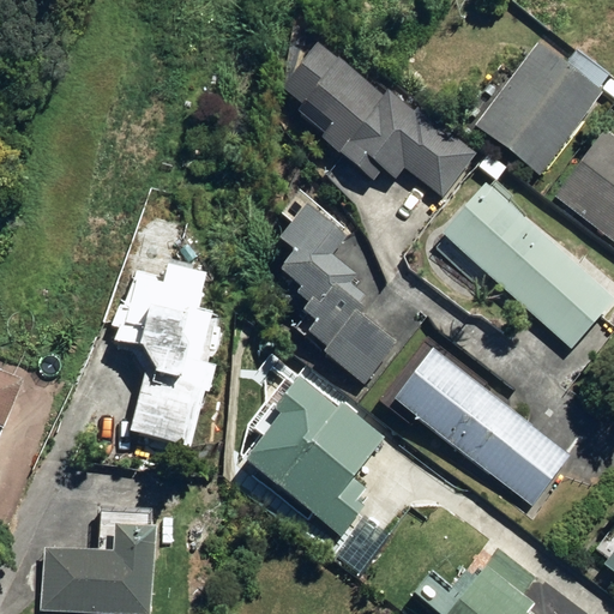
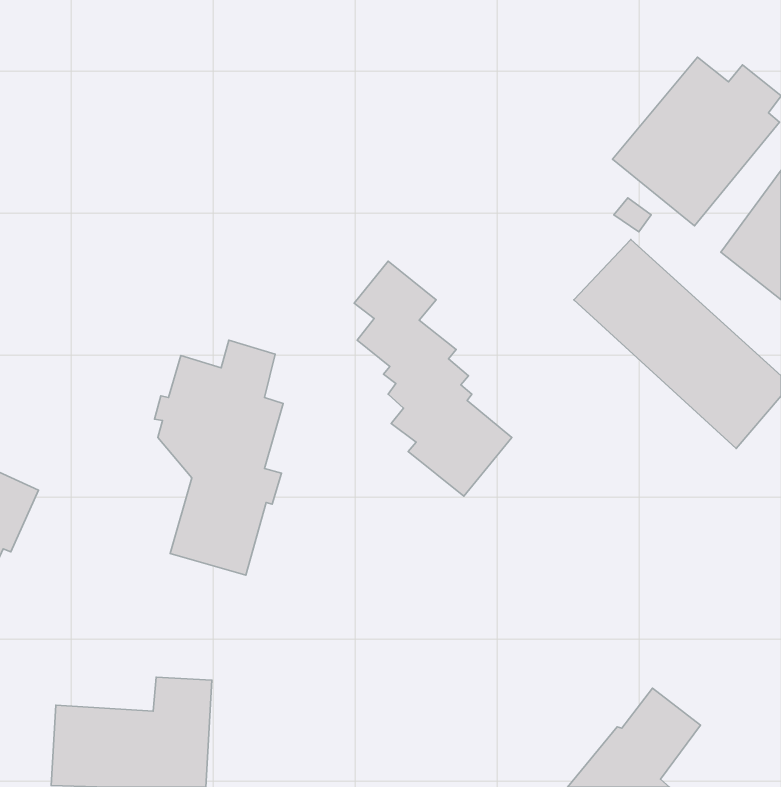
building: [273,41,468,189] -> none
building: [396,351,568,507] -> none
building: [241,371,383,529] -> none

